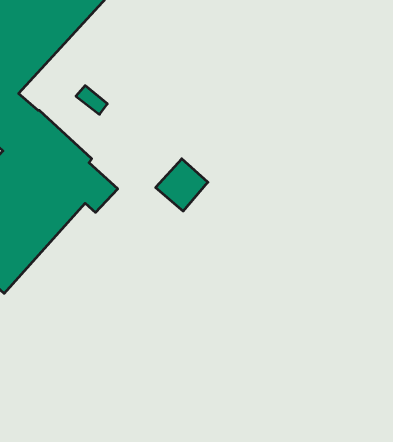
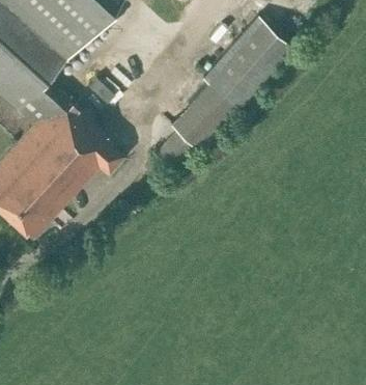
building: none -> [170,19,292,154]

